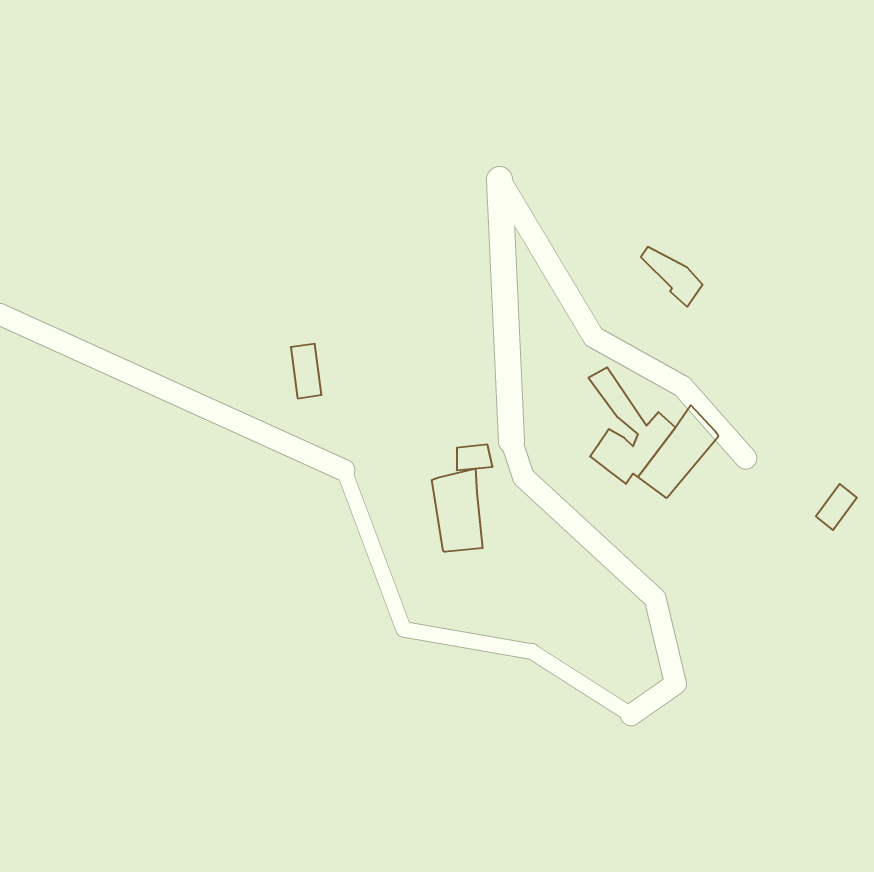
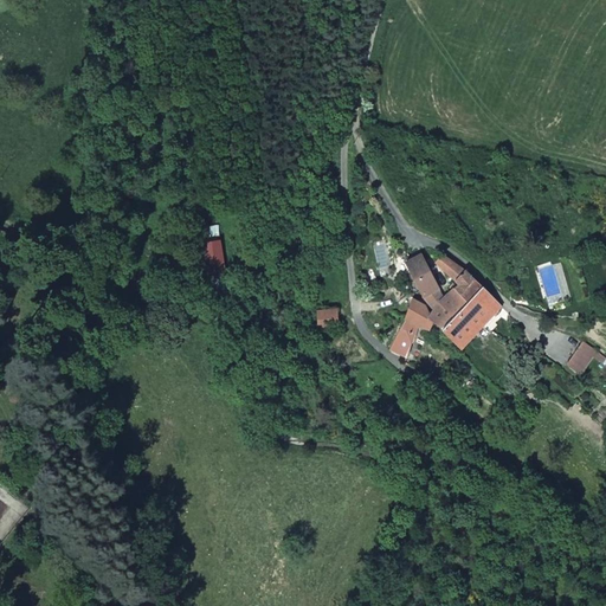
building: [641,247,703,307] -> [436,256,478,297]
building: none -> [391,317,424,354]
building: [432,468,482,552] -> none

